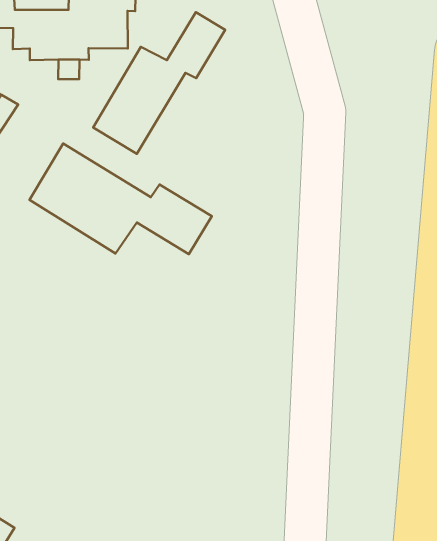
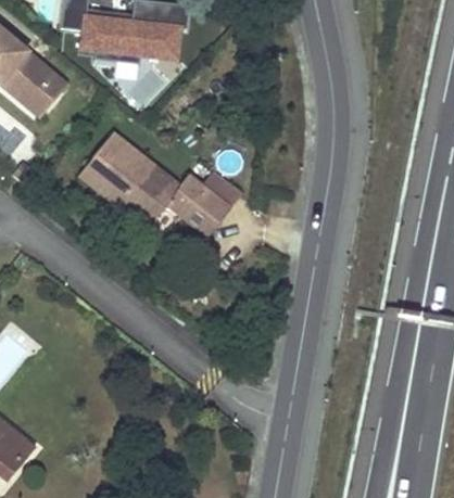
building: [93,12,225,154] -> none

